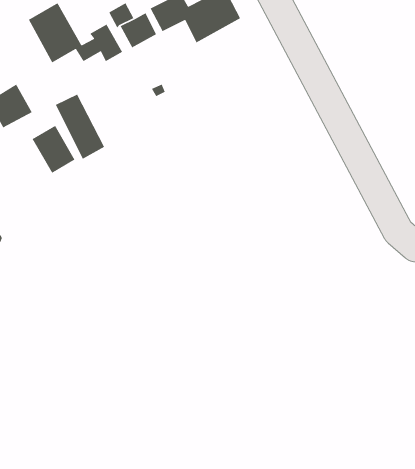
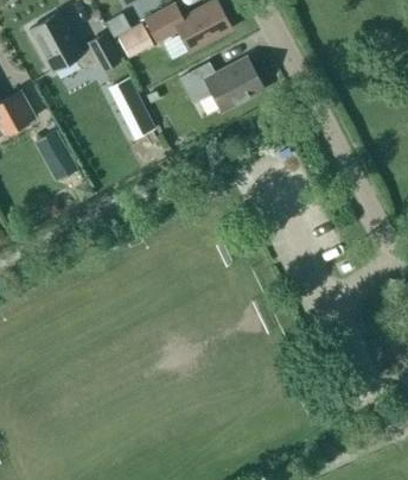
building: none -> [180,58,263,110]
building: [55,93,105,160] -> [108,77,155,140]

